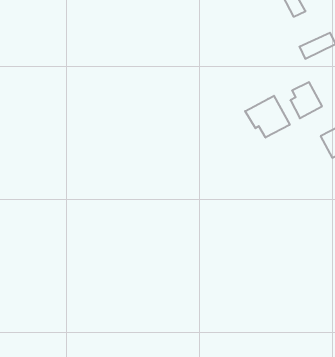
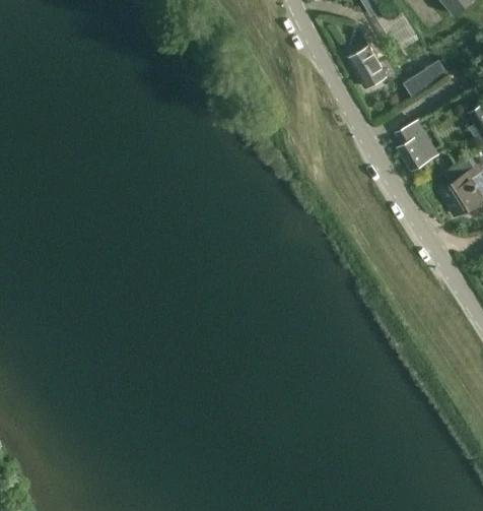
building: none -> [349,44,388,86]
building: [245,96,290,138] -> none

